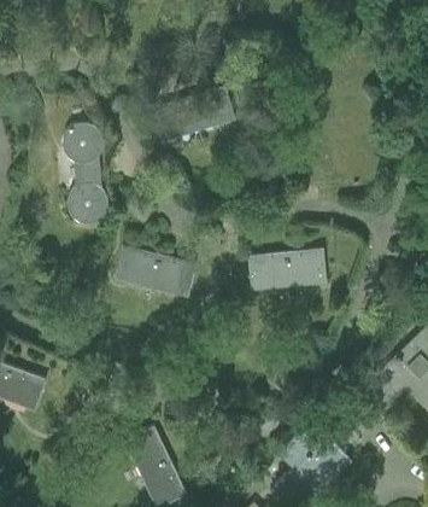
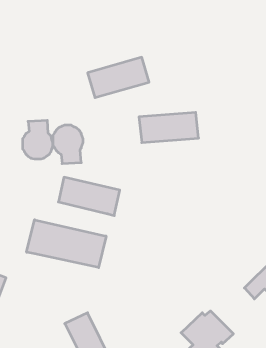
building: [63,122,102,173] -> [53,125,83,164]
building: [247,249,326,289] -> [139,112,199,143]
building: none -> [27,220,106,268]

